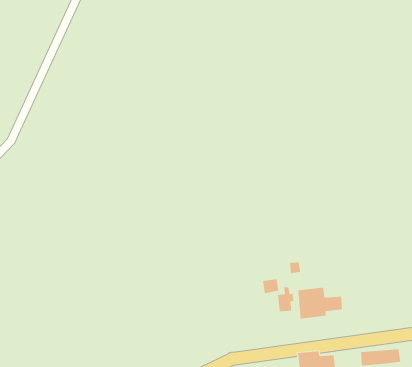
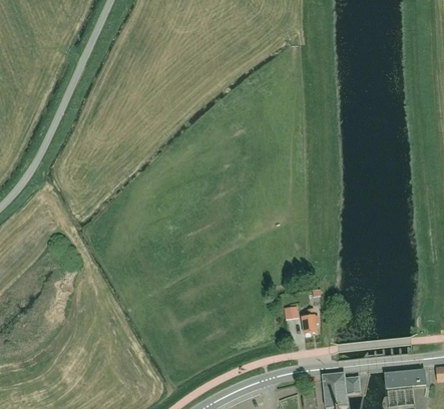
building: [298,287,343,319] -> none

